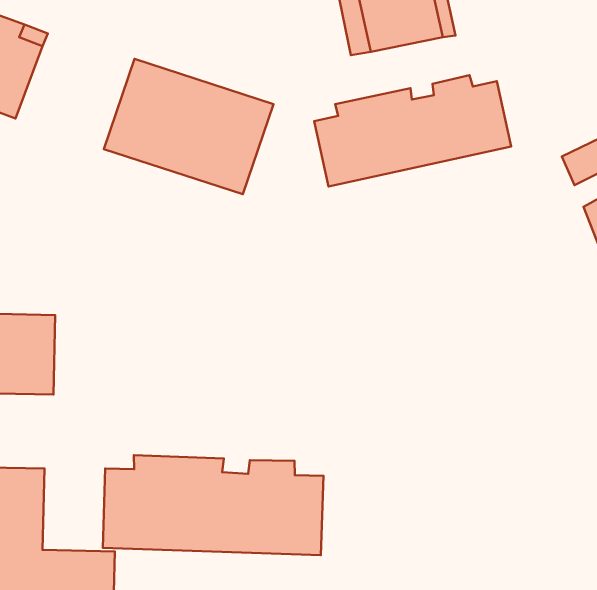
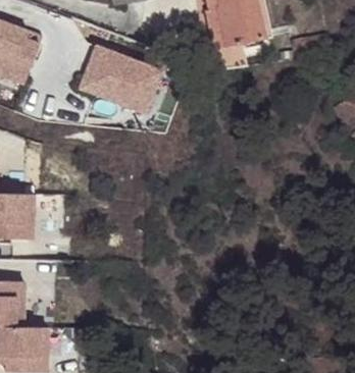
building: [314,75,511,187] -> none
building: [103,455,323,555] -> none

